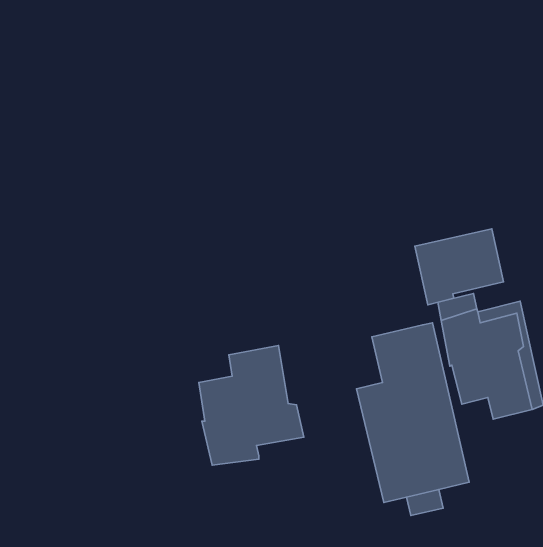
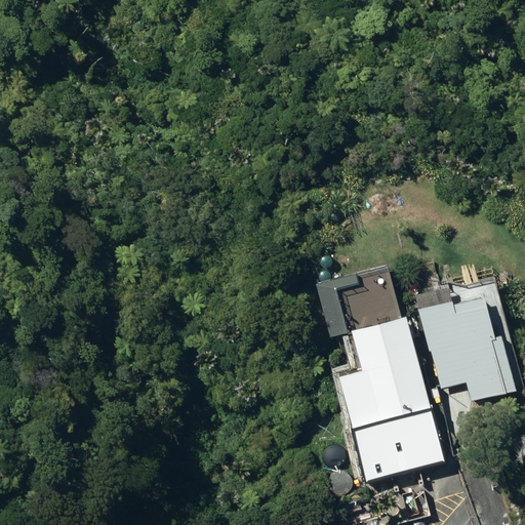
building: [415,229,504,305] -> [316,264,400,335]
building: [199,346,304,465] -> none

